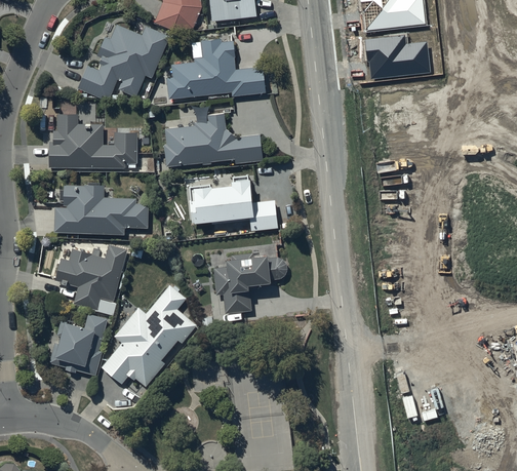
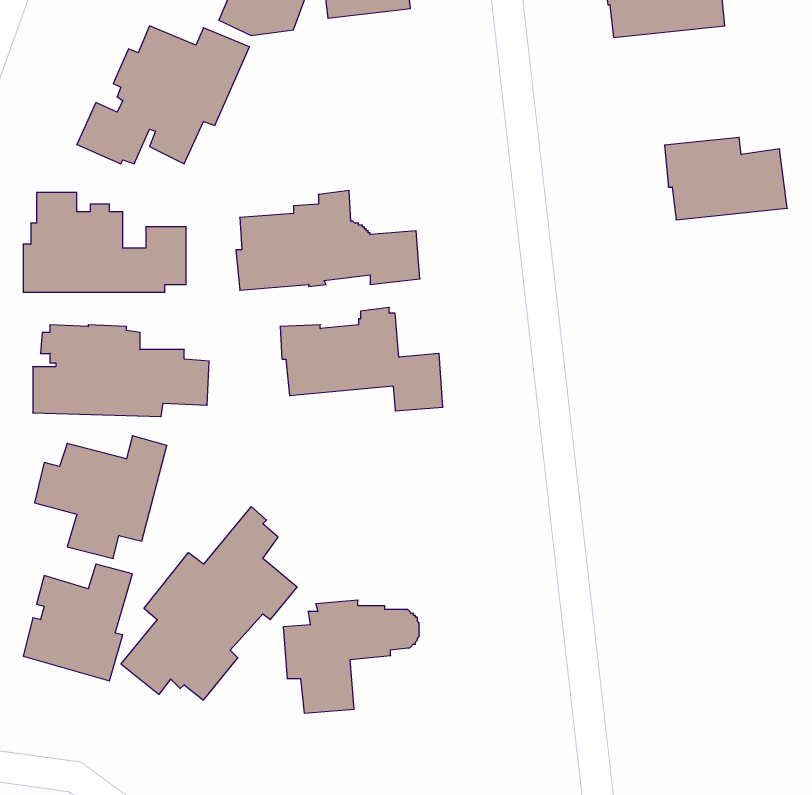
building: [364,35,430,79] -> [665,137,787,220]
building: [166,37,265,99] -> none
building: [213,252,286,313] -> [283,600,419,713]

